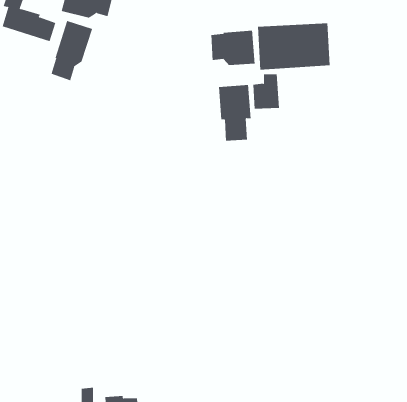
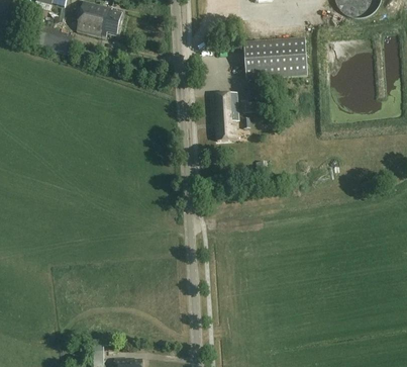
building: [51,20,93,81] -> none
building: [211,30,255,66] -> none

